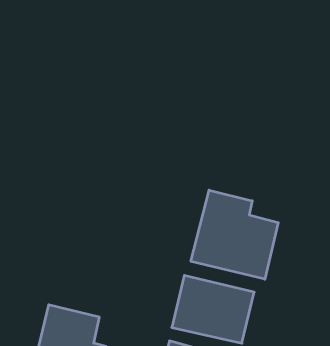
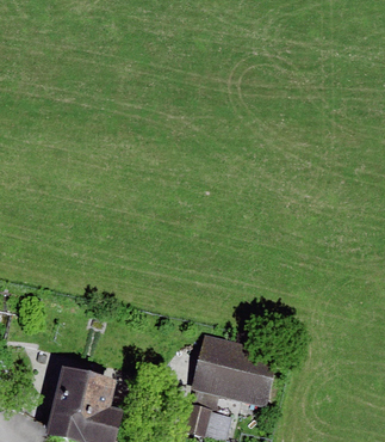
building: [191,190,278,279] -> none

